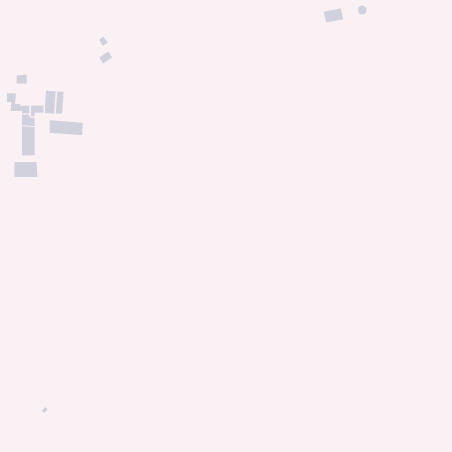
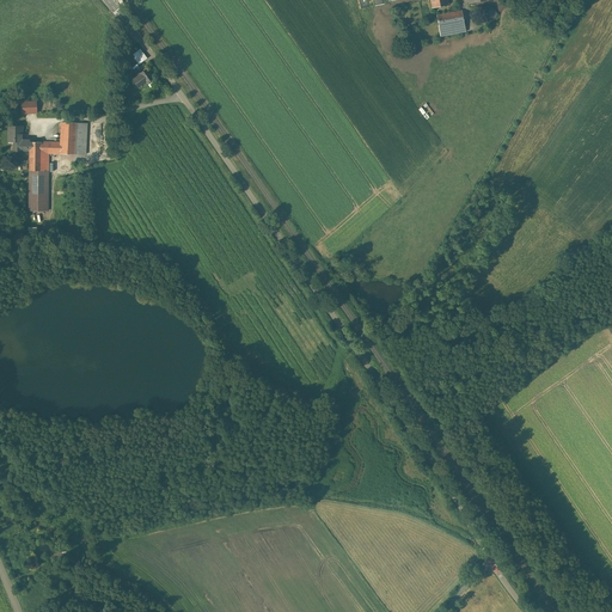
building: [49,119,83,136] -> none
building: [14,161,38,178] -> none

